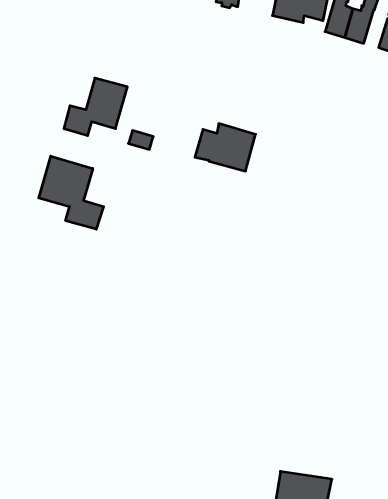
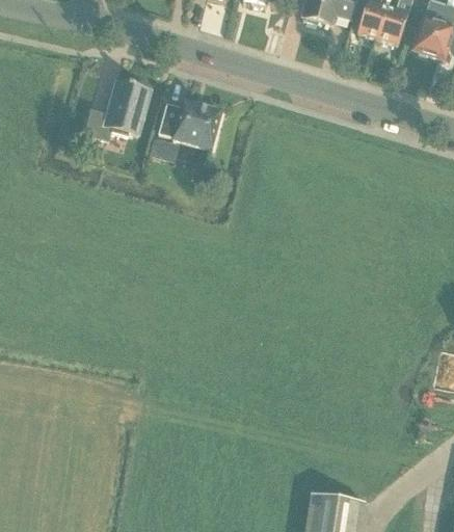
building: [195,124,256,171] -> [157,100,220,150]
building: [39,156,104,229] -> none

